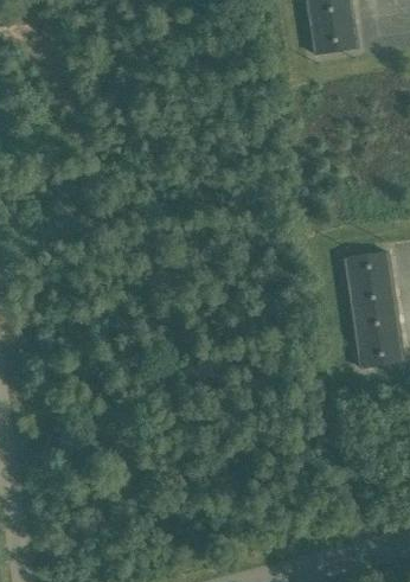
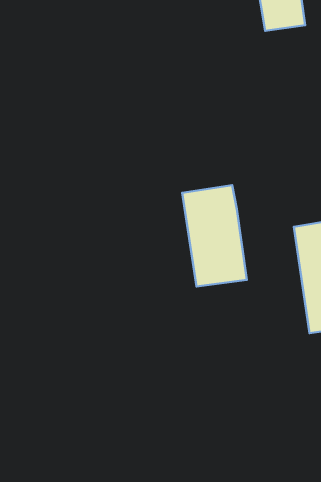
building: none -> [182,185,247,287]

